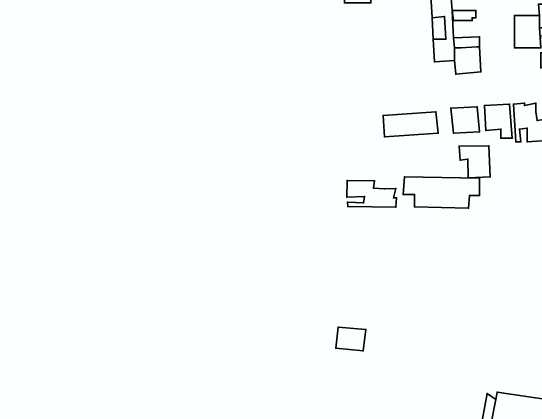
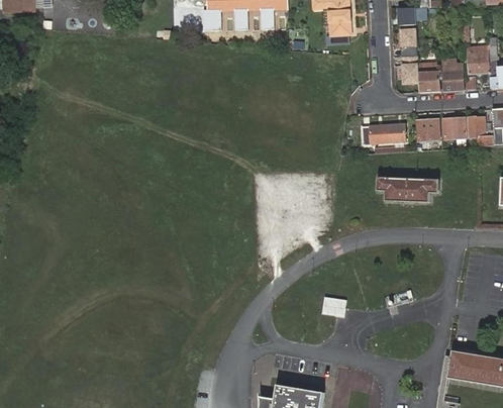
building: none -> [440,60,465,91]
building: [459,146,490,178] -> none
building: [347,180,397,207] -> none

